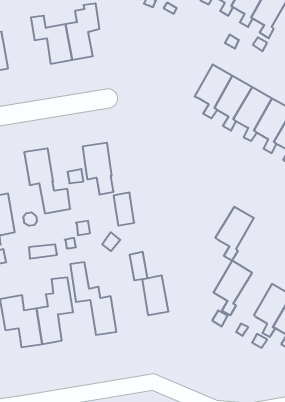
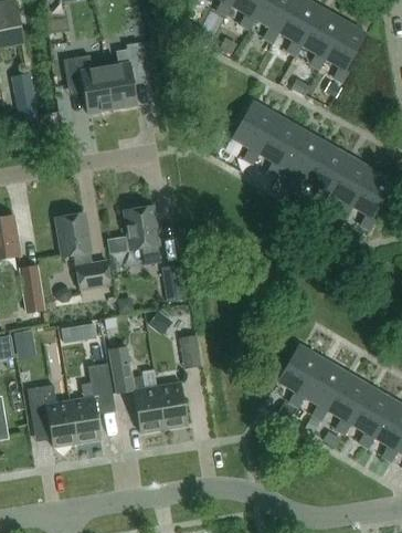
building: none -> [232,100,277,164]
building: [215,207,254,260] -> [302,358,347,421]
building: [142,276,169,315] -> [158,382,189,428]

